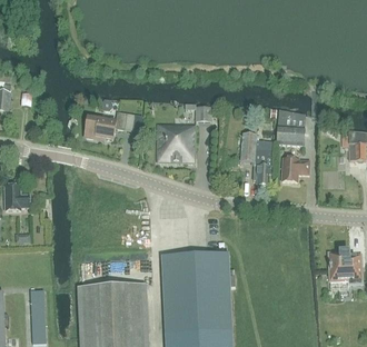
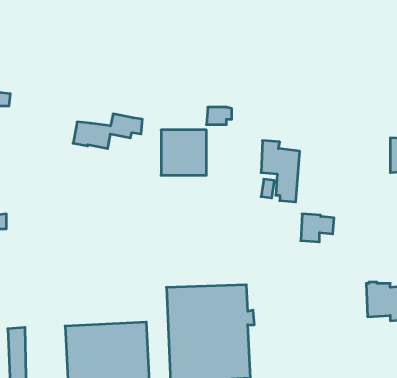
building: [276,117,304,145] -> none
building: [281,158,309,181] -> [301,214,334,242]

